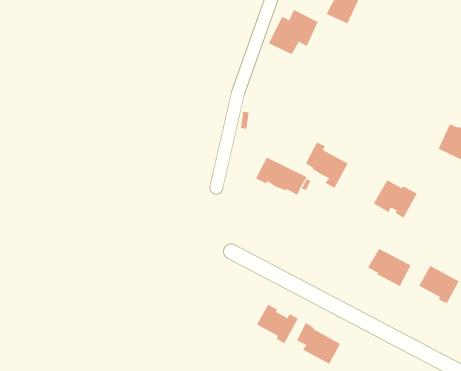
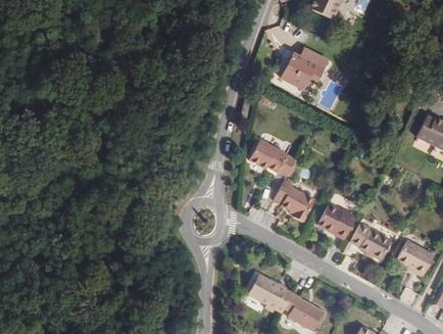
building: [268,9,319,55] -> [281,51,326,92]
building: [305,142,349,188] -> [275,180,313,222]
building: [373,180,418,218] -> [316,201,356,236]

